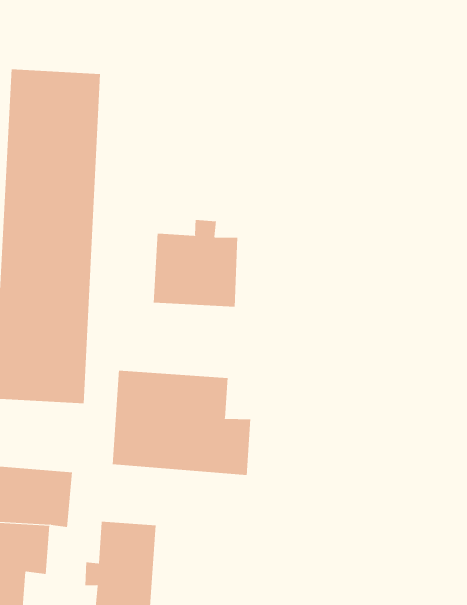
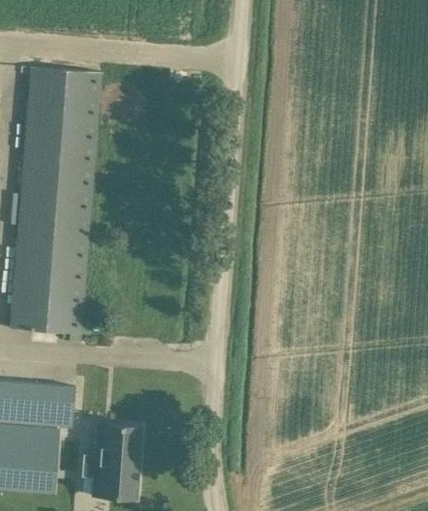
building: [153,219,238,308] -> none
building: [112,370,251,476] -> none

